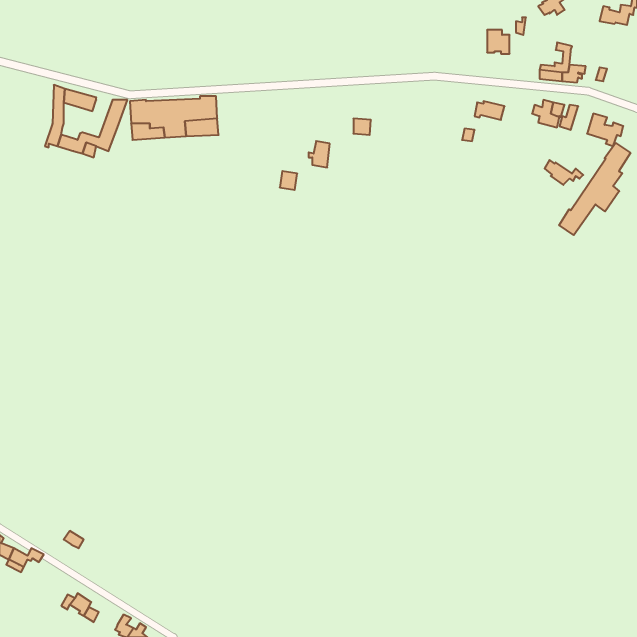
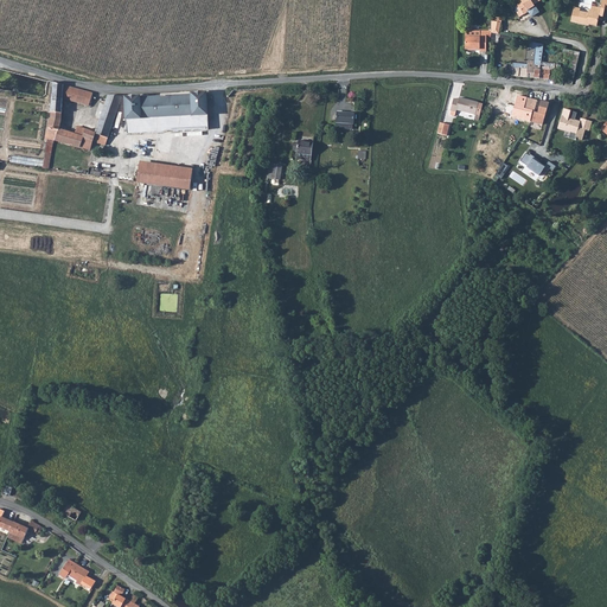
building: [559,143,630,235] -> none
building: none -> [136,164,191,189]

